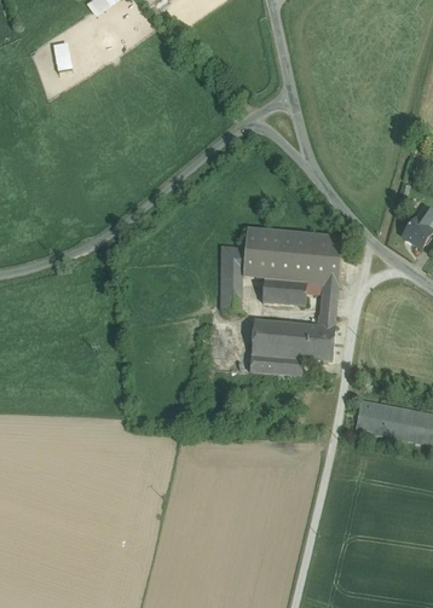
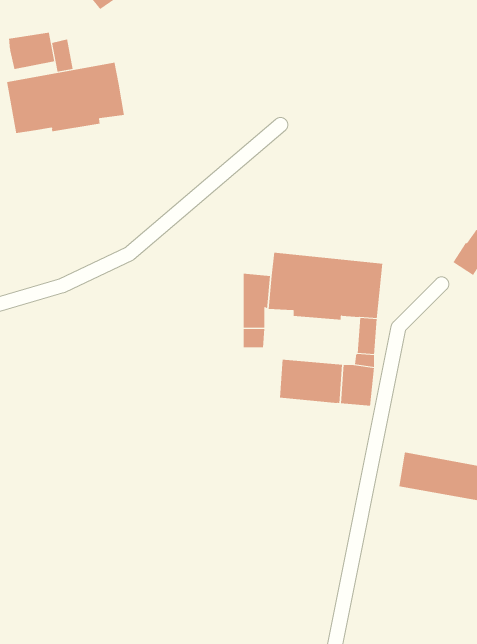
building: none -> [9,32,55,70]
building: none -> [6,62,124,134]
building: [260,283,305,306] -> none
building: [249,354,301,376] -> none

